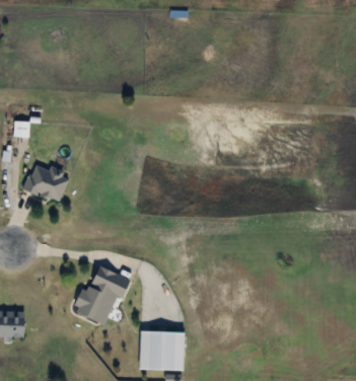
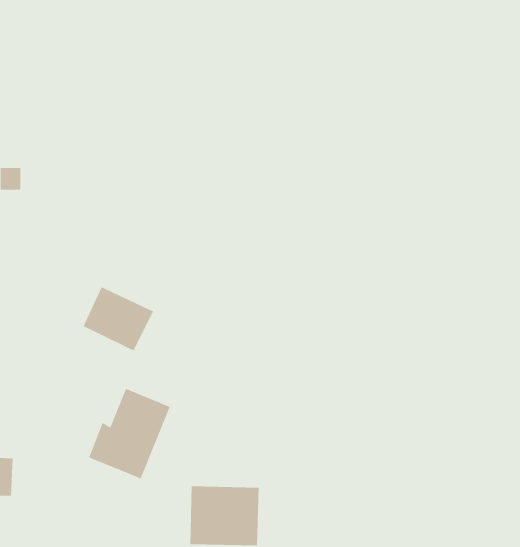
building: [24,162,71,205] -> [82,286,154,351]

